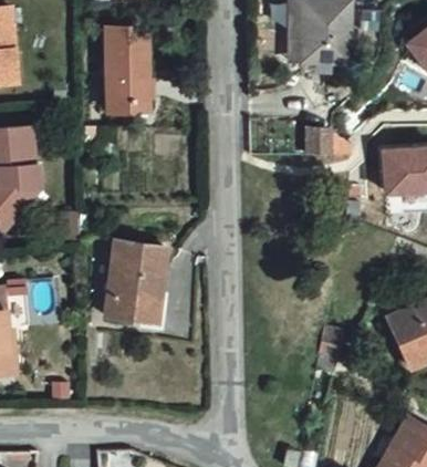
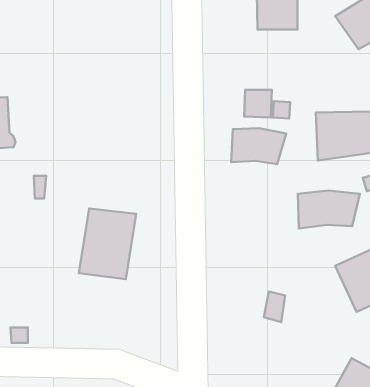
building: [110,37,158,118] -> none
building: none -> [231,128,286,164]
building: none -> [298,190,360,228]

